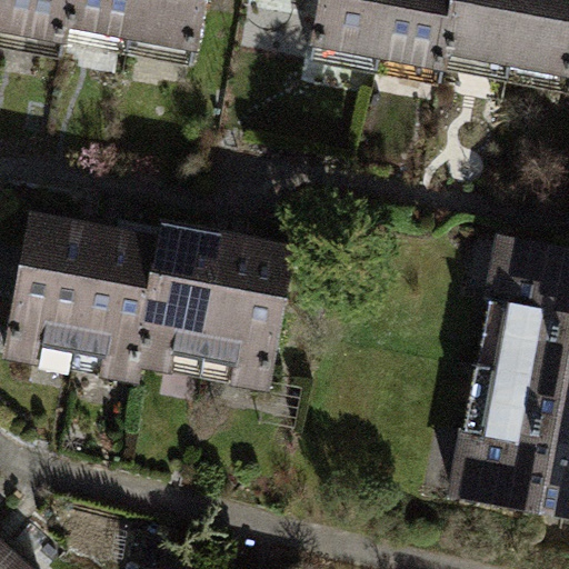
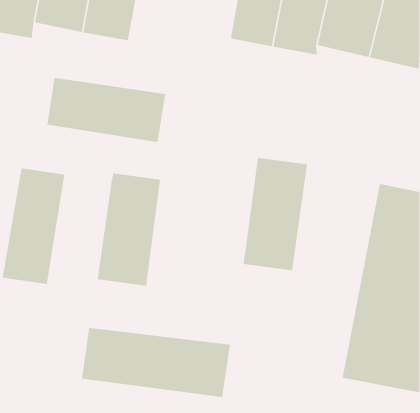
building: none -> [47,77,166,143]
building: [63,232,148,389] -> none
building: [196,239,282,390] -> [243,157,308,271]
building: none -> [82,327,231,398]

